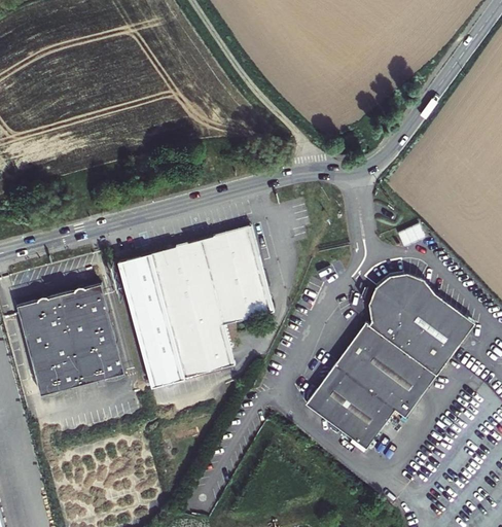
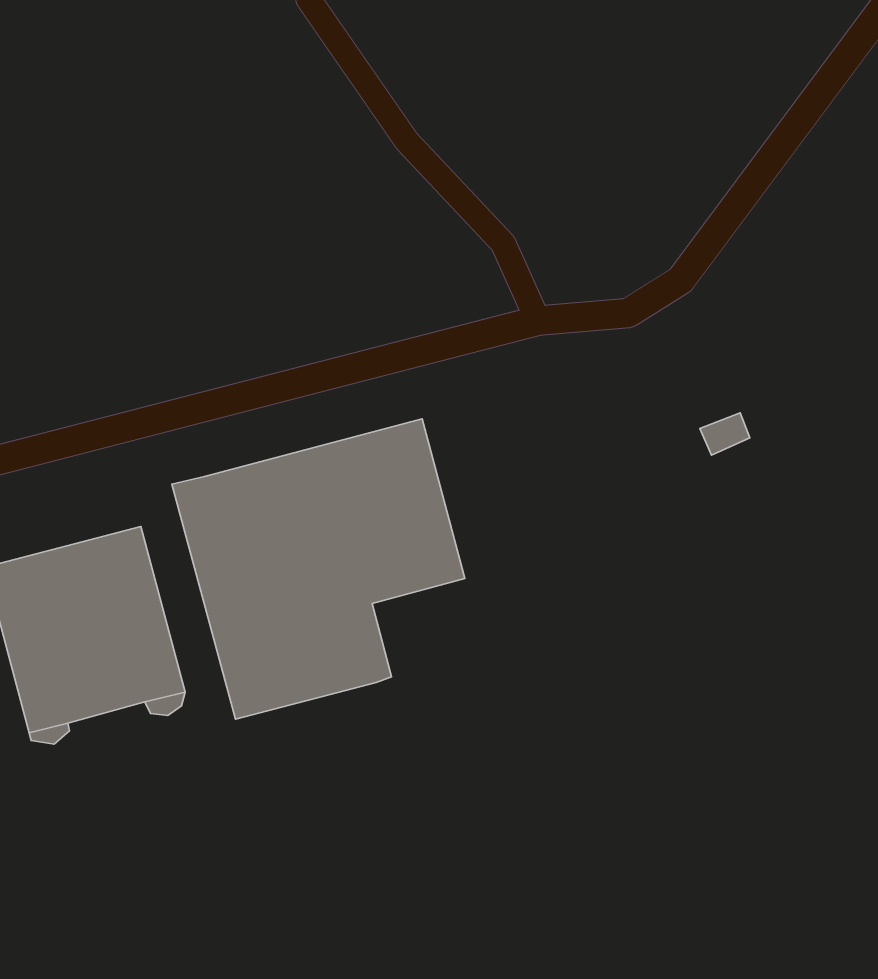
building: [304,272,476,449] -> none

